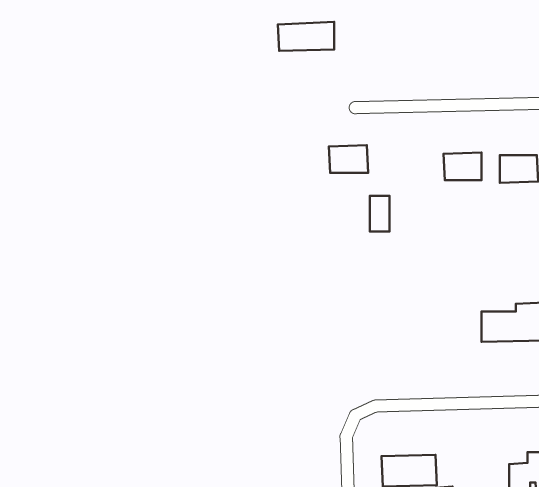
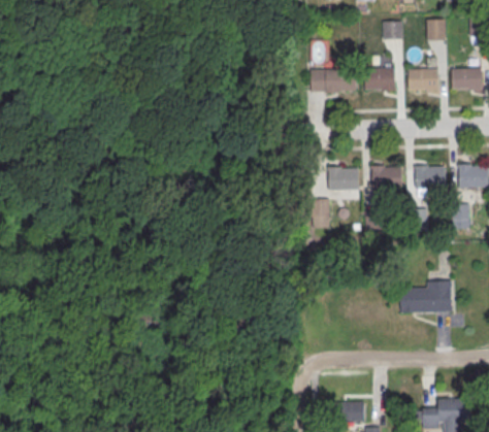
building: [278,22,334,51] -> [311,68,355,91]
building: none -> [365,66,396,88]
building: none -> [409,68,438,90]
building: [329,145,368,173] -> [328,168,359,190]

